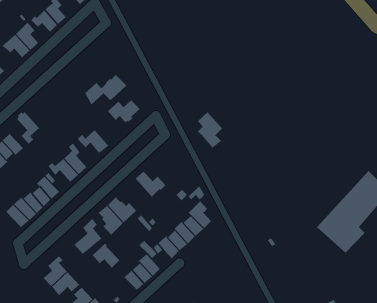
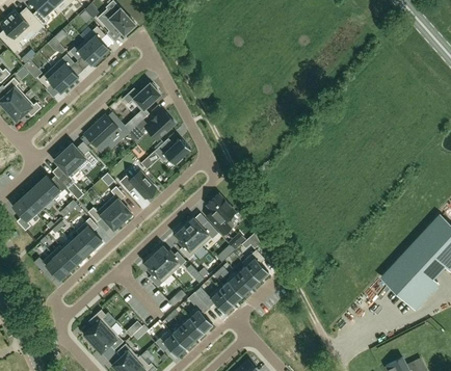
building: none -> [123,83,160,111]
building: none -> [85,115,122,152]
building: none -> [63,143,98,170]
building: [197,112,223,149] -> [207,194,235,235]
building: none -> [175,226,203,259]
building: [74,218,102,255] -> none
building: [92,243,120,269] -> [155,329,186,357]

